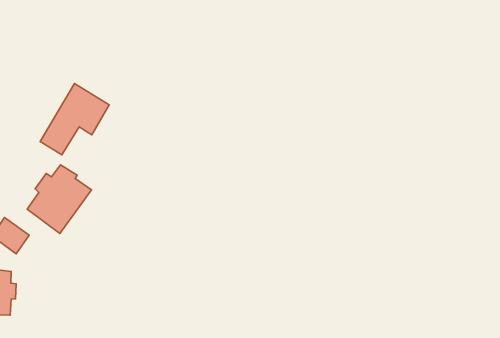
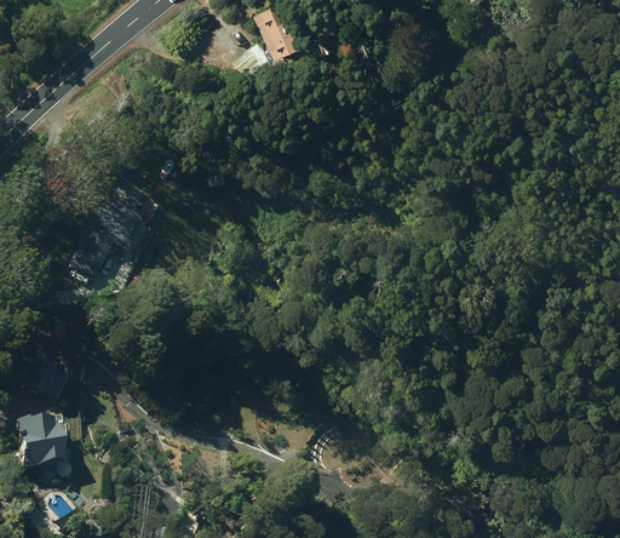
building: [27,165,91,234] -> none

